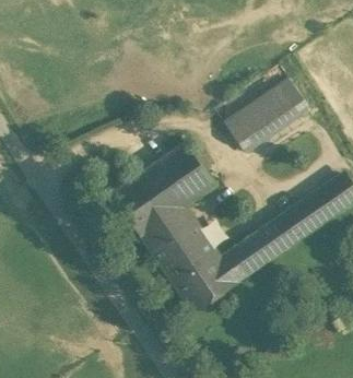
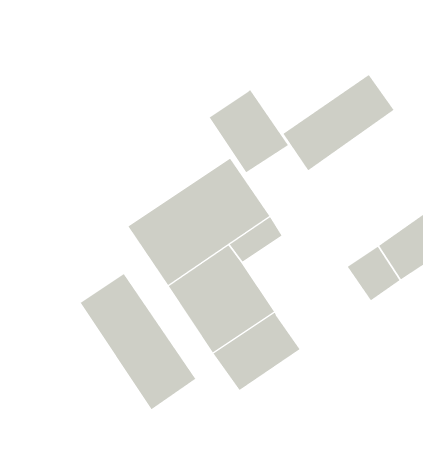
building: none -> [209,89,289,173]
building: [221,222,290,282] -> none
building: none -> [80,273,196,410]

